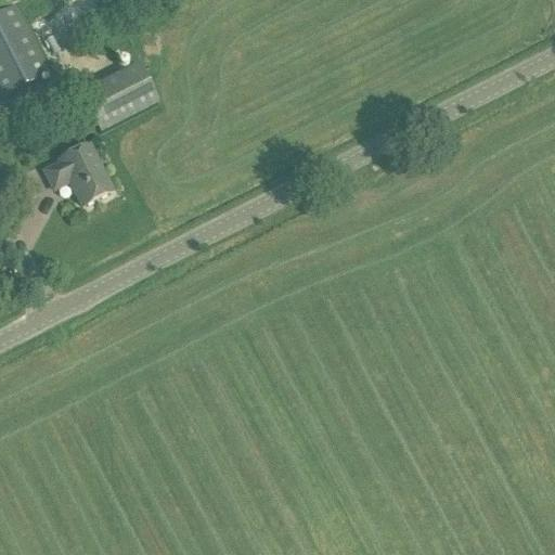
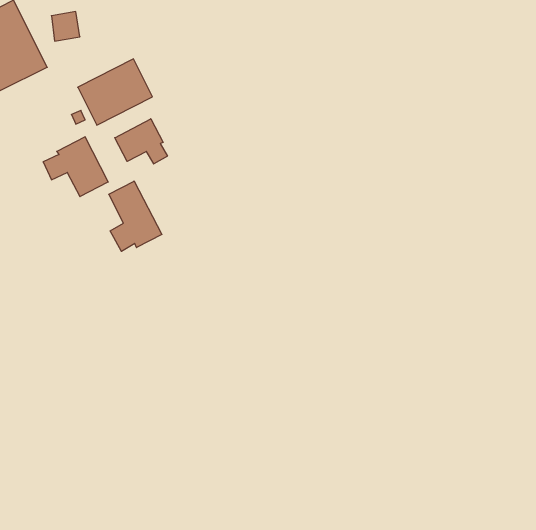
building: none -> [115,119,167,164]
building: none -> [109,181,162,251]

